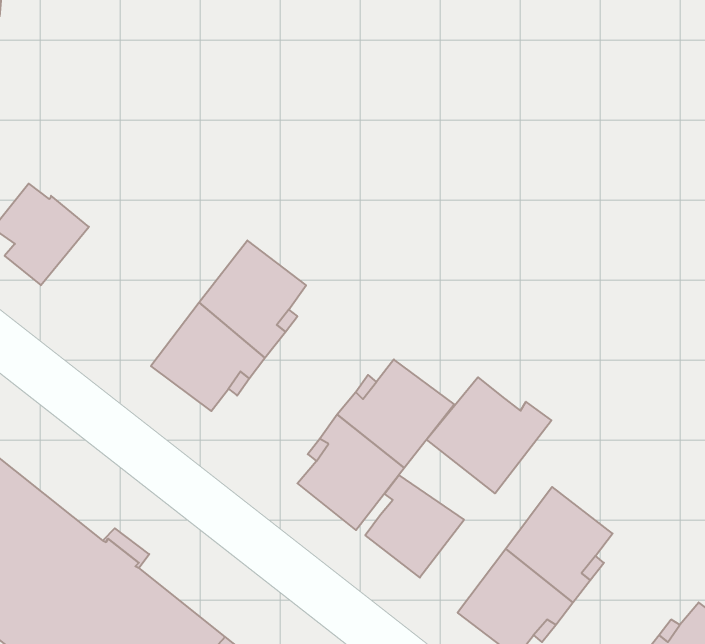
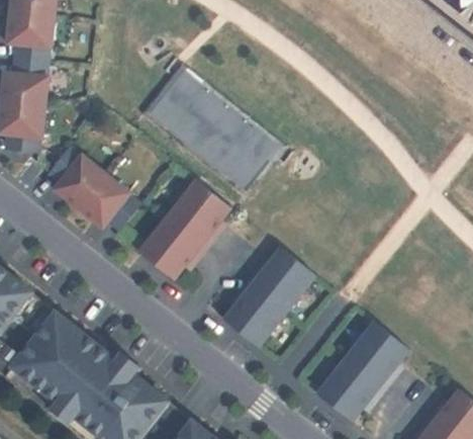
building: none -> [138,61,284,195]
building: none -> [74,170,138,227]
building: [426,377,551,493] -> none
building: [365,475,464,578] -> none

